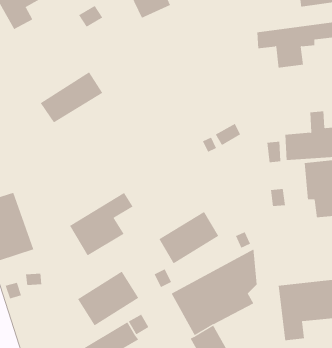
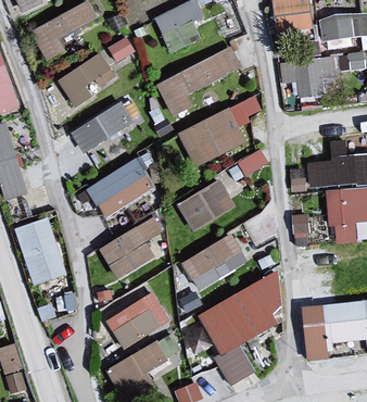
building: none -> [155,47,240,116]
building: none -> [59,54,109,108]
building: none -> [176,95,262,169]
building: none -> [88,160,152,217]
building: none -> [181,184,232,229]

